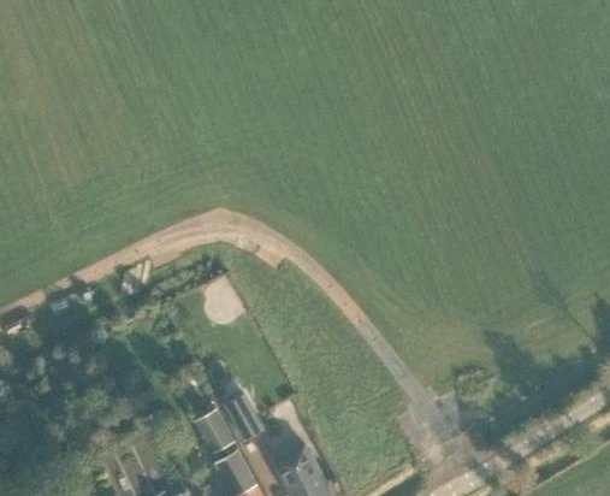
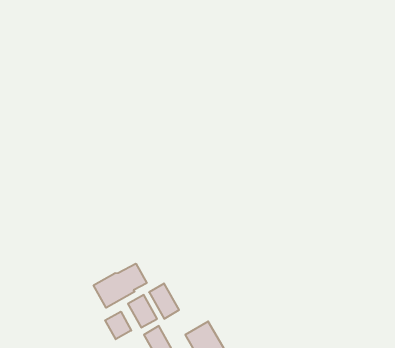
building: none -> [94,264,147,308]
building: none -> [105,312,131,339]

